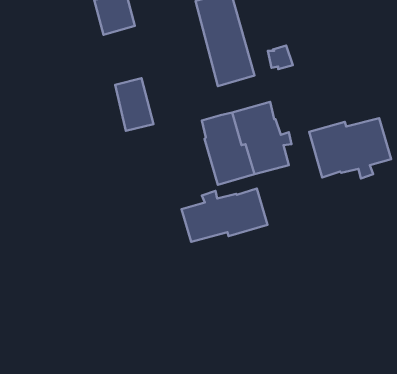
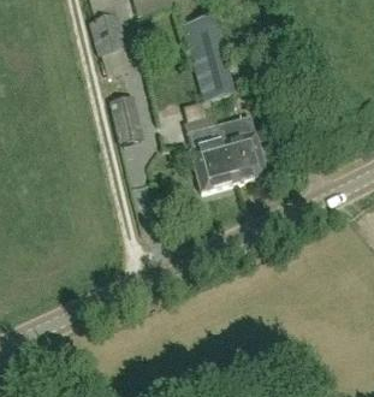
building: [309,118,391,179] -> none
building: [182,189,267,242] -> none

